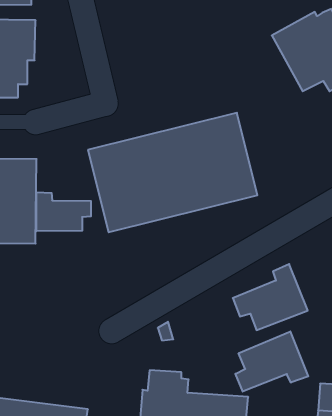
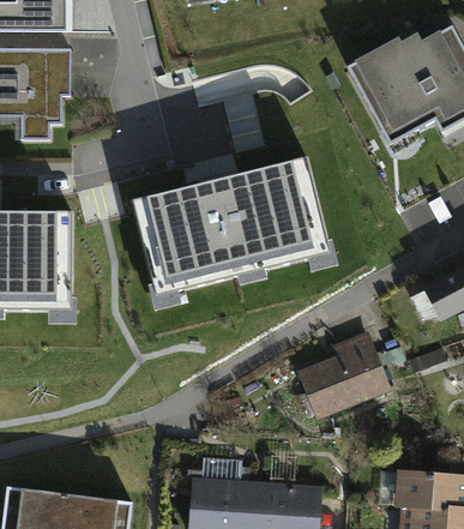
building: [36,192,91,231] -> none
building: [235,331,308,392] -> none

